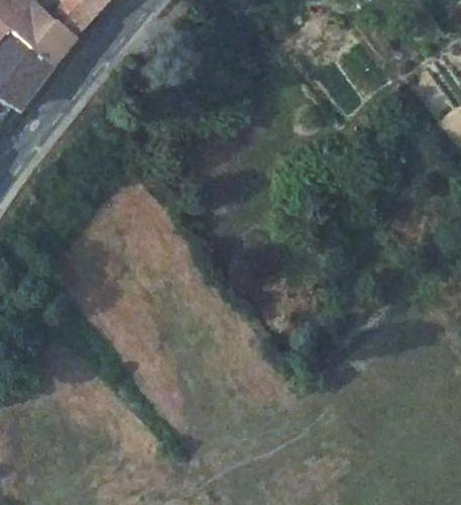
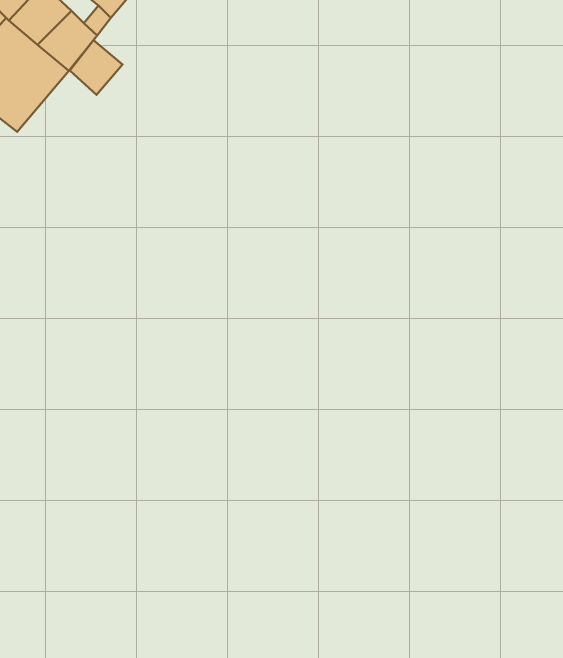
building: none -> [70,40,122,95]

